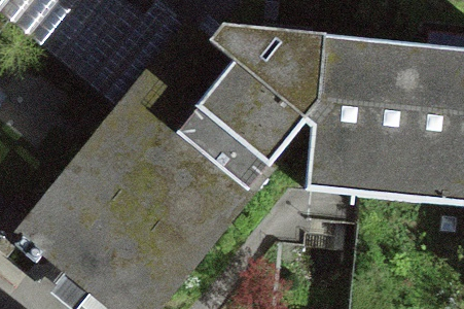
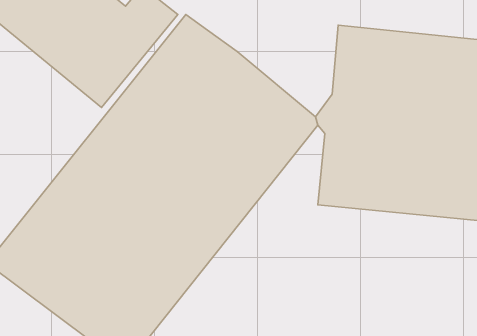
building: [210,23,323,112] -> none

